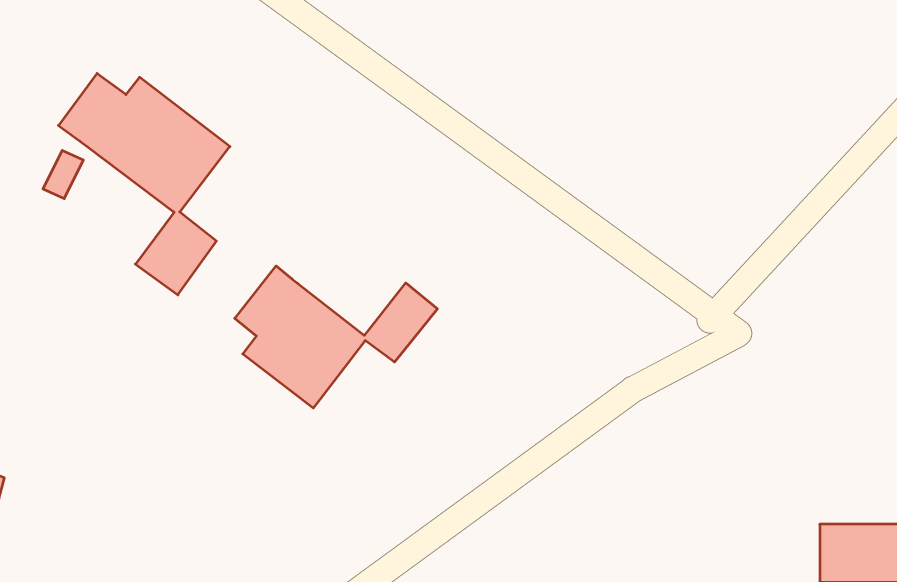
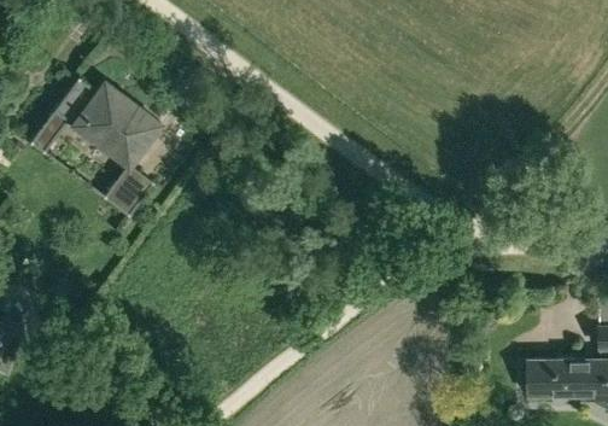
building: [235,266,437,408] -> none

